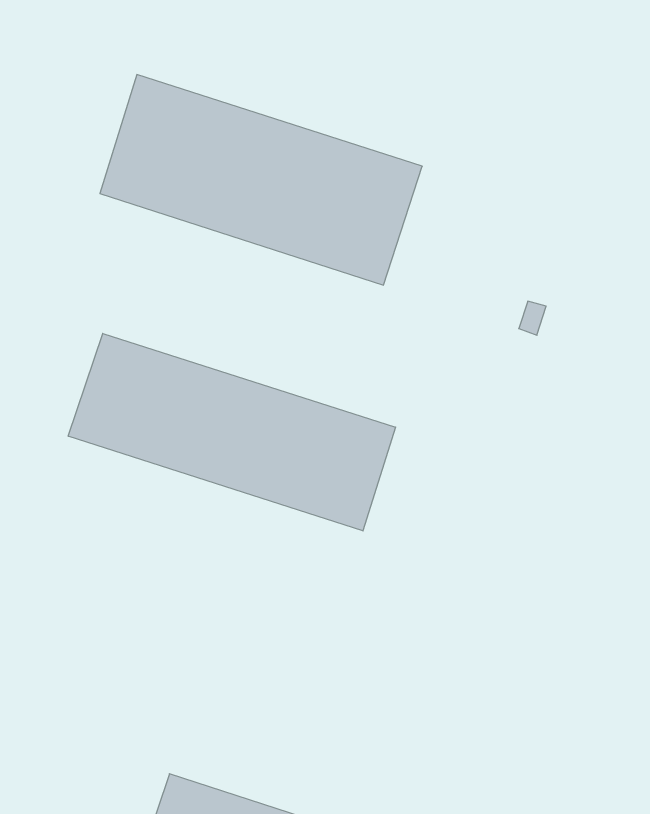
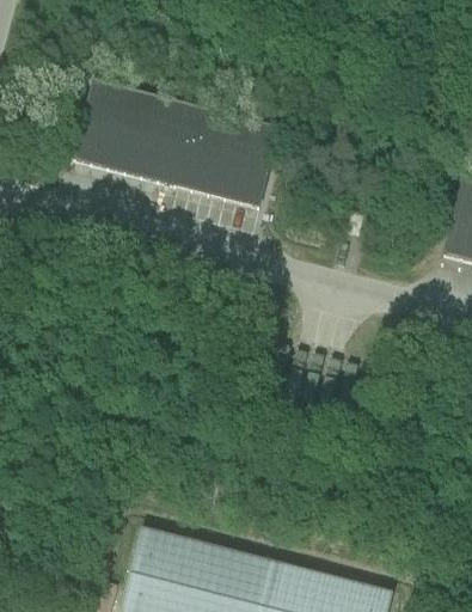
building: [68,333,396,531] -> none

